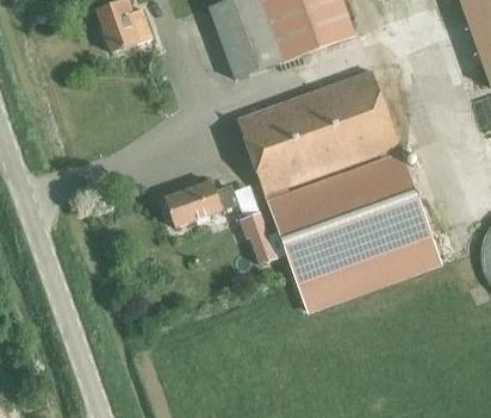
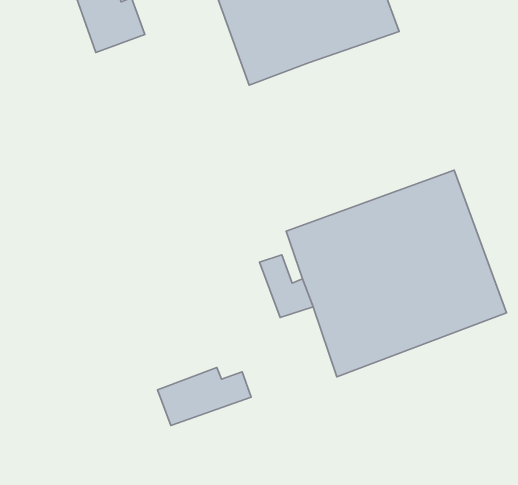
building: [237,69,400,195] -> none
building: [164,180,240,226] -> [158,367,251,425]

